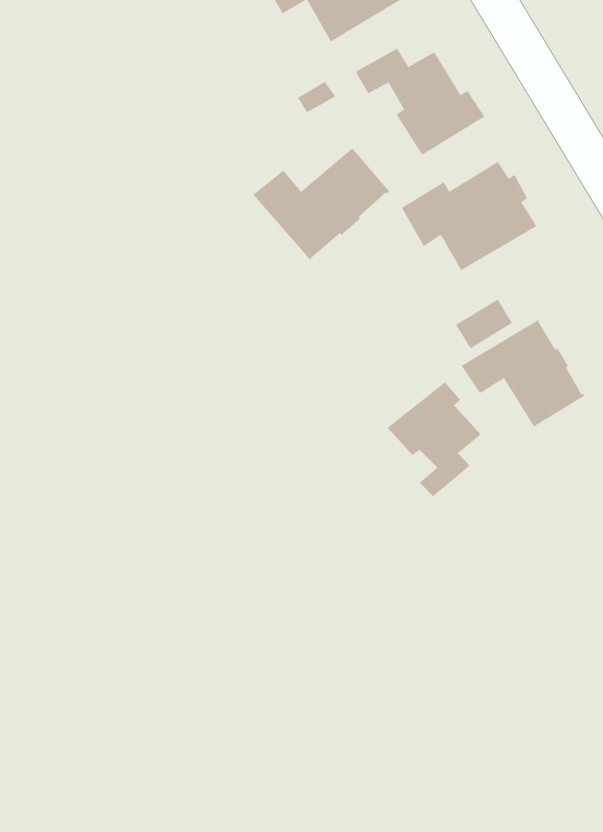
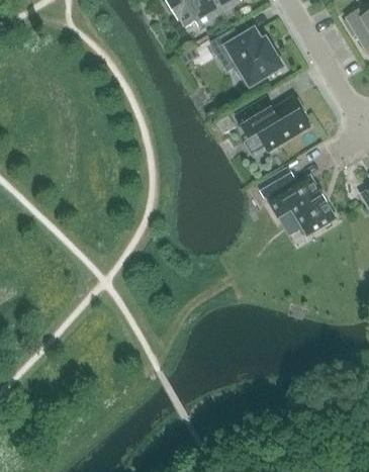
building: [252,147,391,261] -> none
building: [387,382,482,497] -> none

